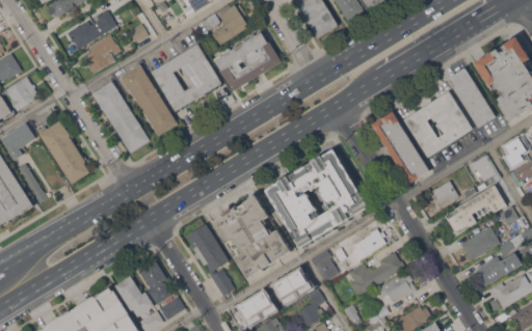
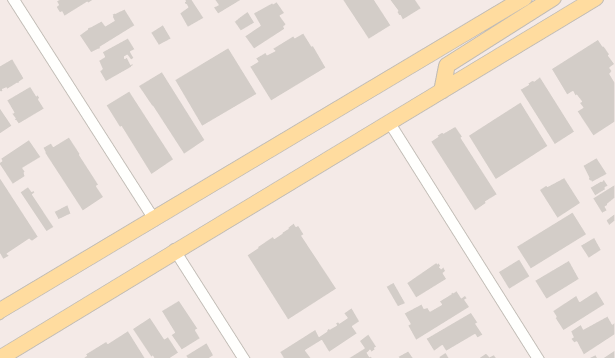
building: [265,148,369,249] -> none
building: [430,181,458,208] -> [498,258,531,290]
building: [187,224,234,296] -> none
building: [312,251,338,280] -> none

